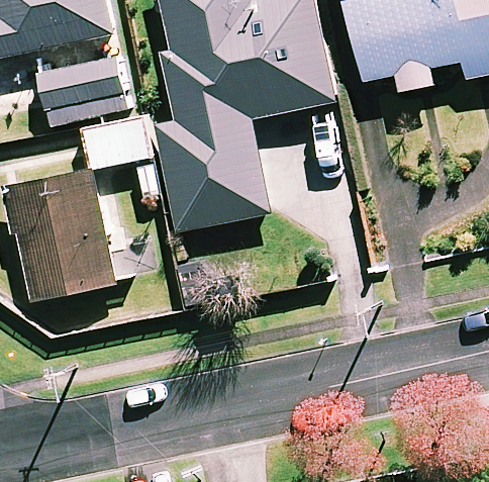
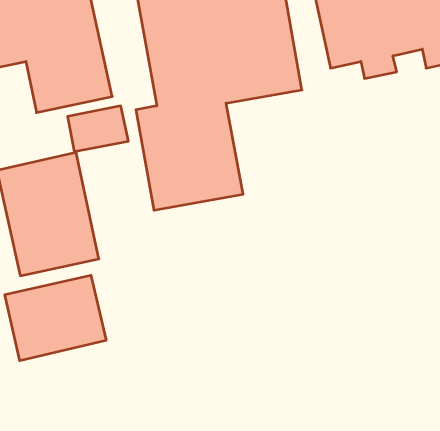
building: none -> [5,275,106,361]

